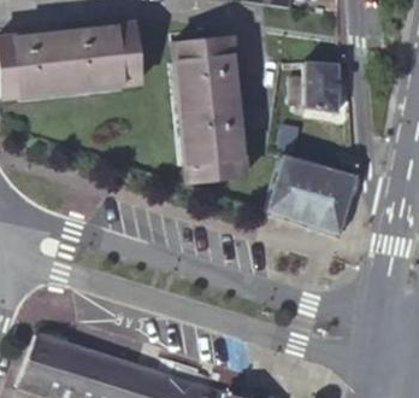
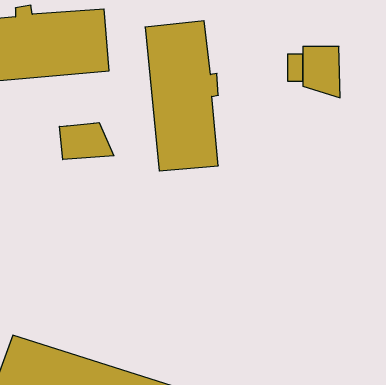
building: none -> [59,123,114,160]
building: [281,156,368,239] -> none

